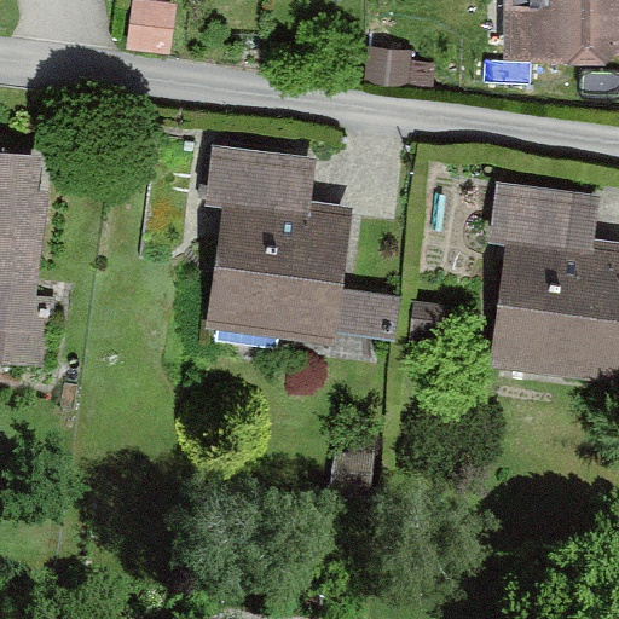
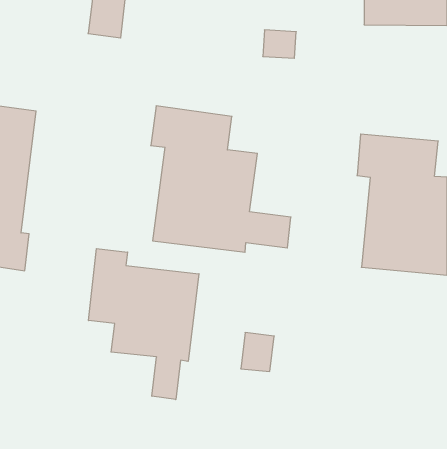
building: none -> [89,249,199,400]

